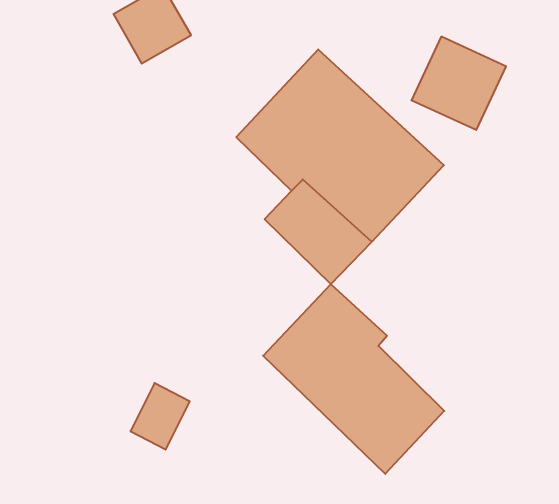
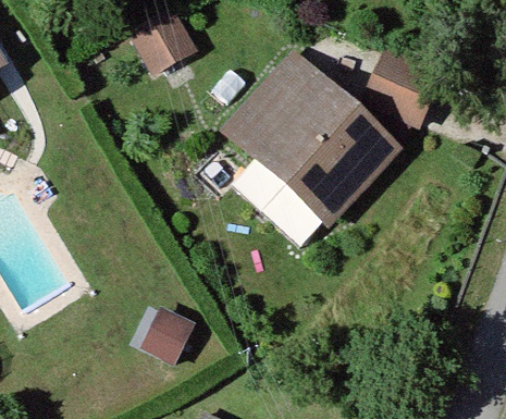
building: [263,284,444,474] -> none

